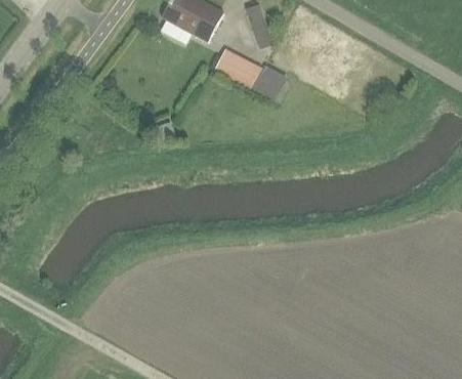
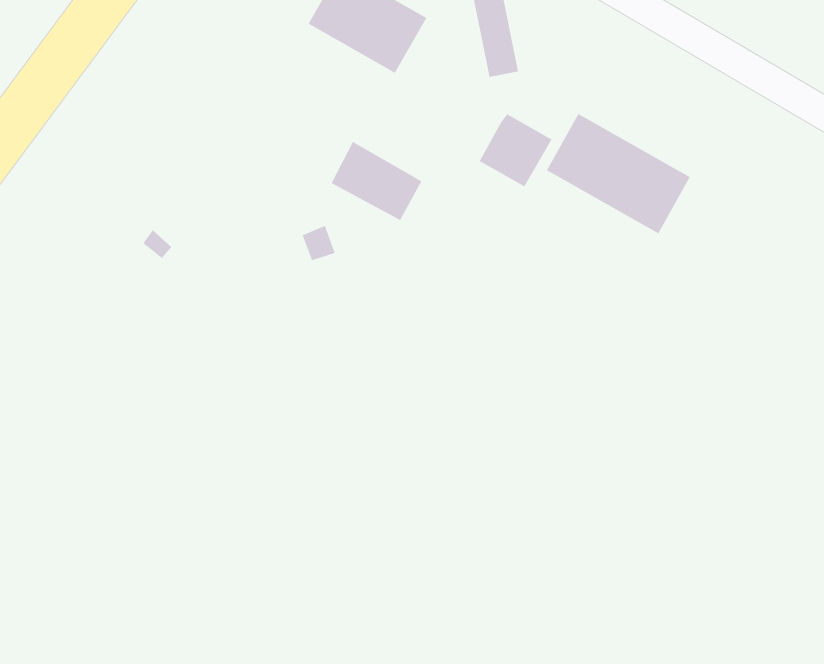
building: [214,46,261,87] -> [331,141,422,221]
building: none -> [546,113,690,234]

